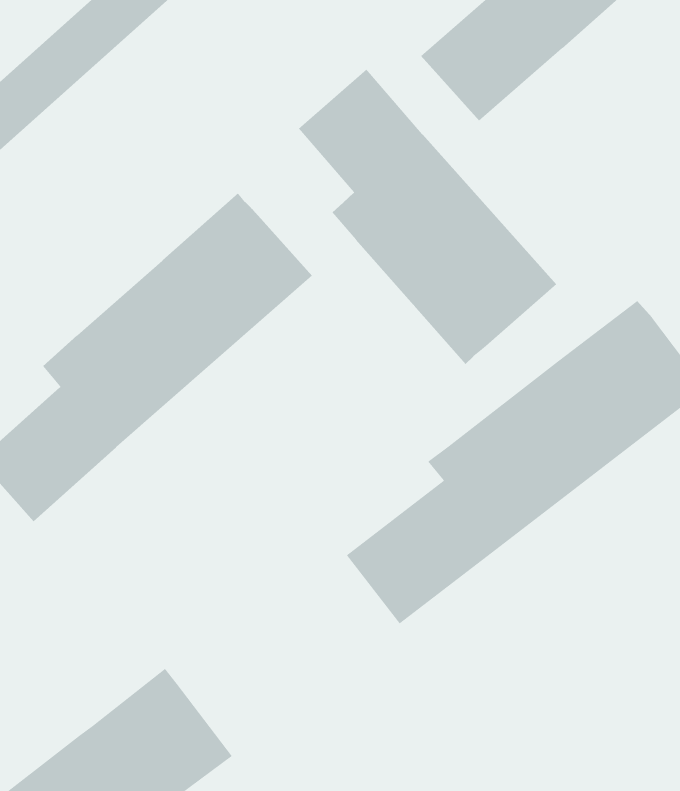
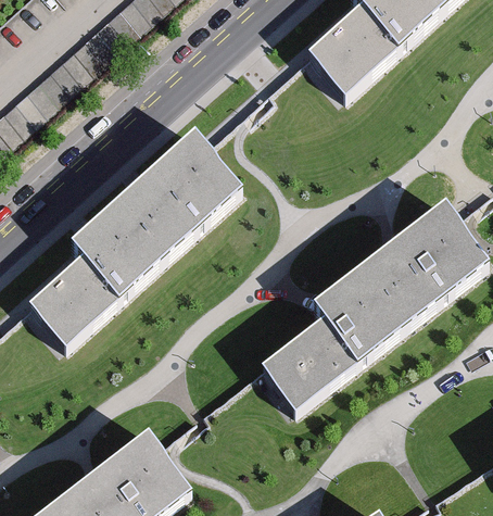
building: [298,68,557,365] -> none

